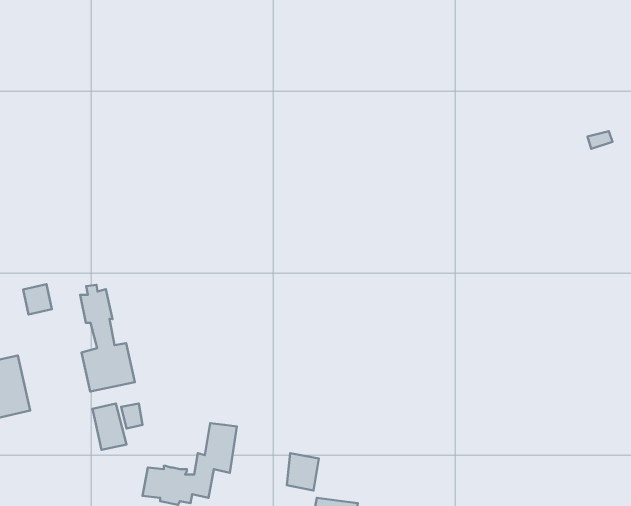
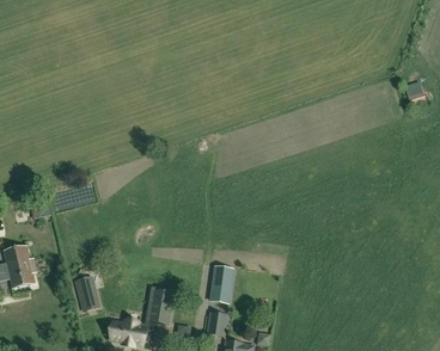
building: [80,285,135,391] -> none
building: none -> [209,267,233,303]

